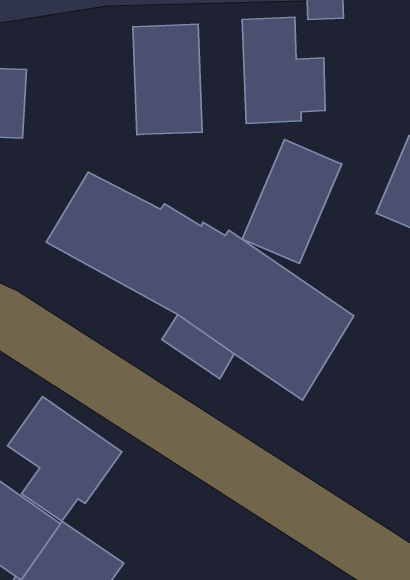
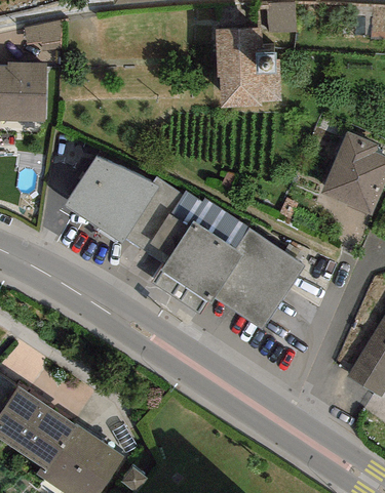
building: [133,24,202,135] -> none
building: [242,139,342,264] -> none
building: [7,396,122,521] -> none

